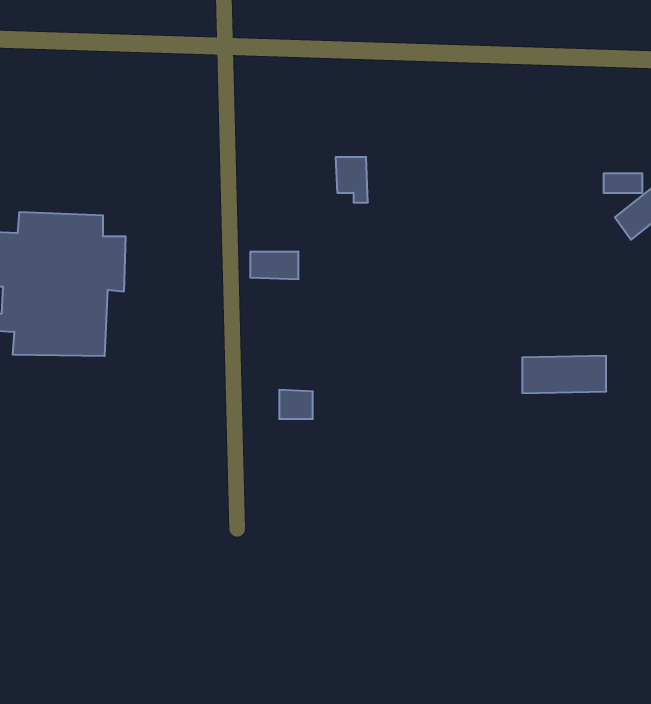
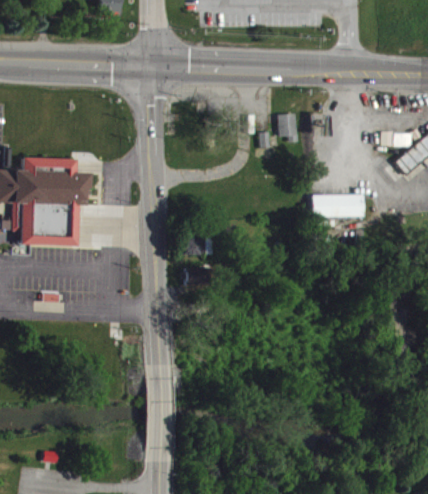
building: [336,157,368,202] -> [277,114,297,142]
building: [250,252,299,279] -> [184,238,214,255]
building: [522,356,606,393] -> [311,194,363,217]

